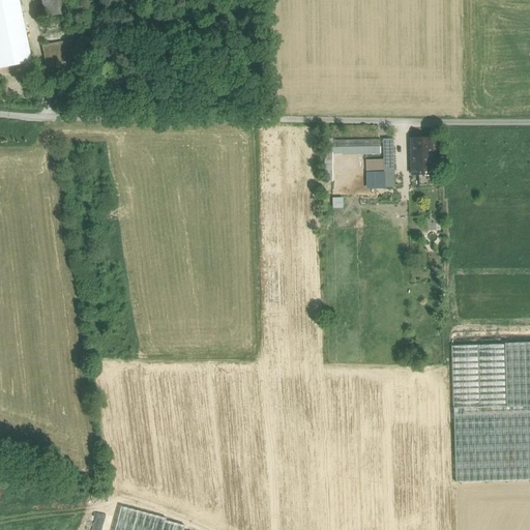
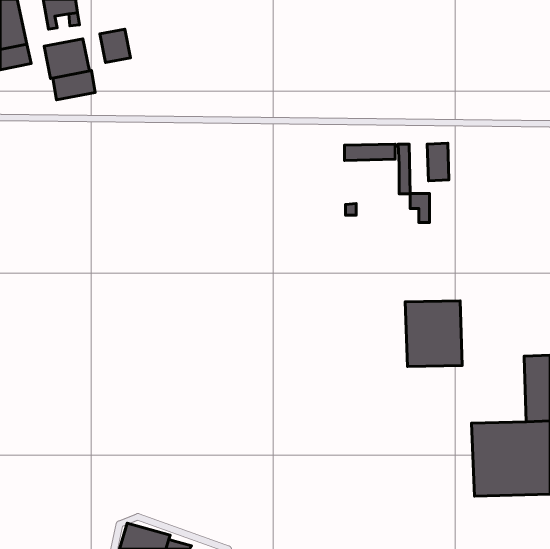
building: none -> [100,29,131,62]
building: none -> [53,71,95,100]
building: [365,158,384,186] -> [410,193,429,223]
building: [451,344,506,407] -> [405,301,462,367]

